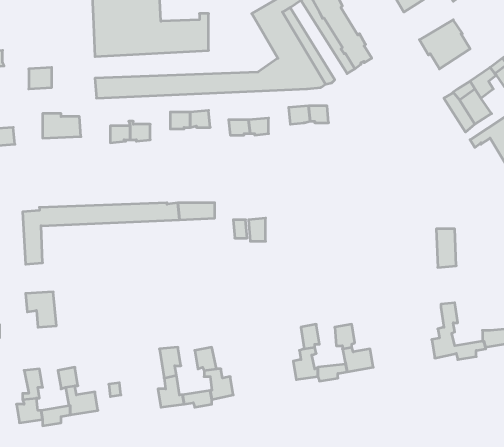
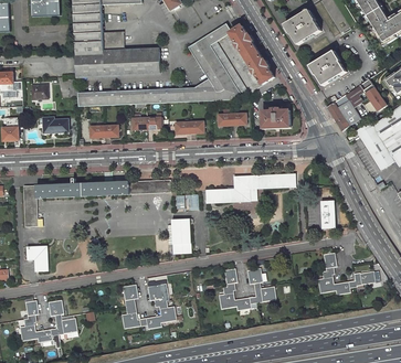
building: none -> [260,107,287,130]
building: none -> [205,173,295,203]
building: none -> [167,218,191,253]

